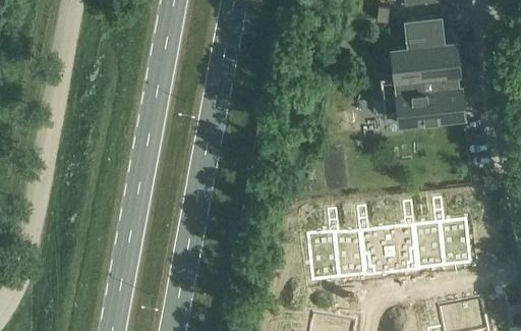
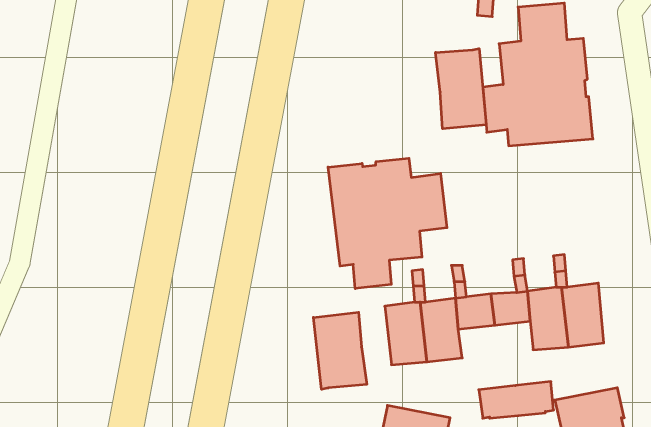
building: none -> [436,49,486,129]
building: none -> [328,158,447,289]
building: none -> [313,312,367,389]
building: [363,250,419,277] -> [479,382,554,418]

